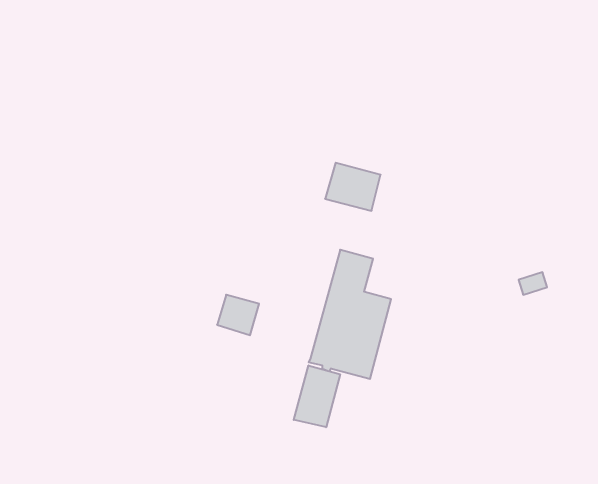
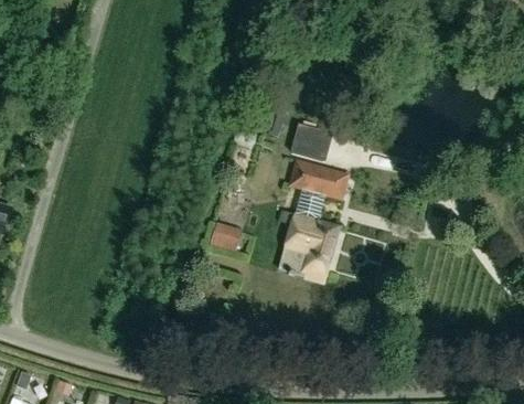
building: none -> [286,160,347,202]
building: [294,365,340,427] -> none

